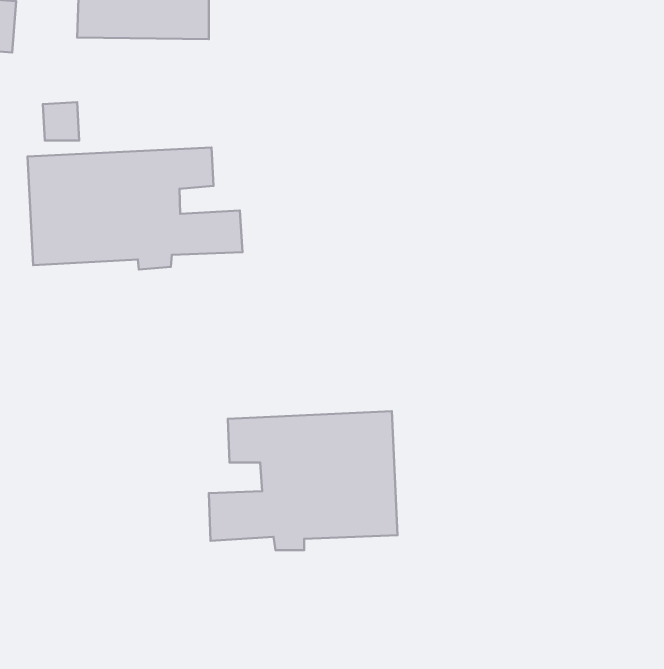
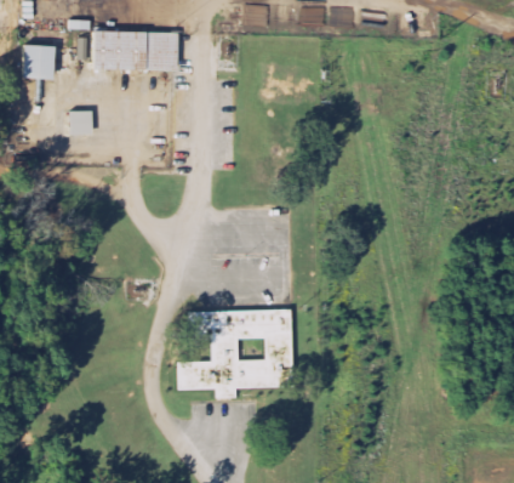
building: [28,147,242,270] -> none

